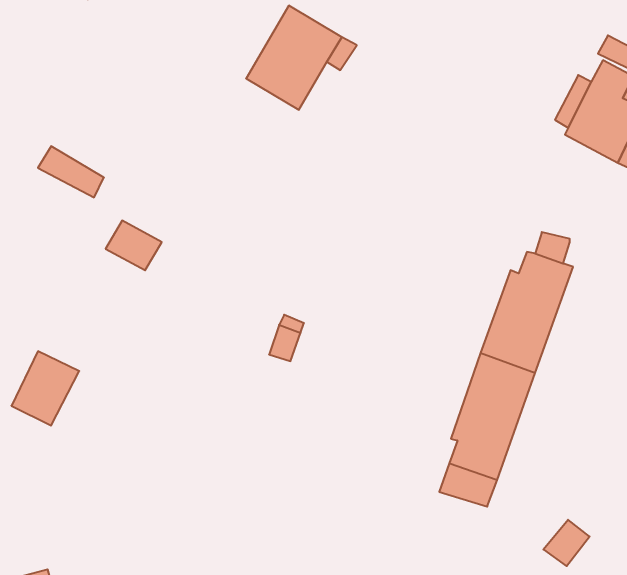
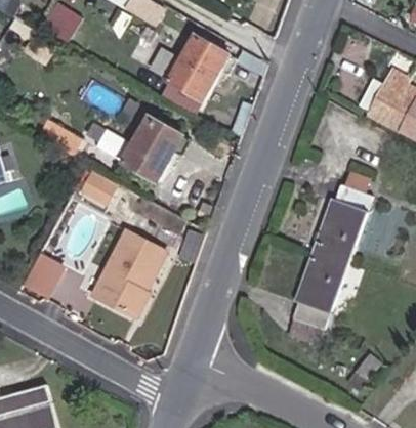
building: none -> [97,118,182,182]
building: none -> [94,230,165,314]

